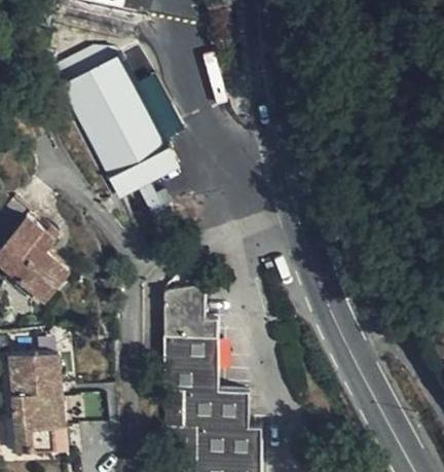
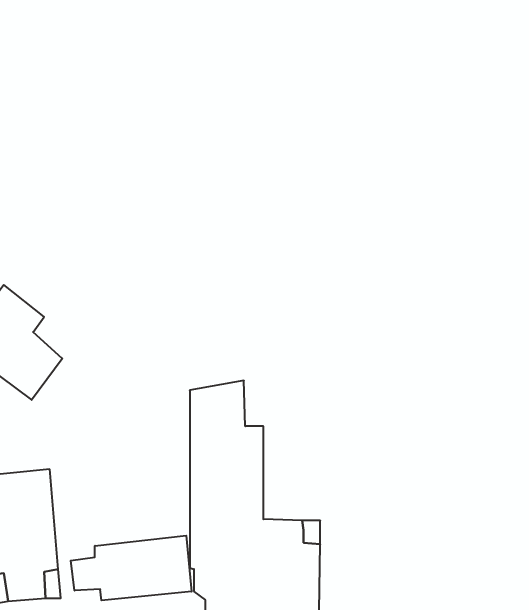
building: [50,50,178,196] -> none
building: none -> [71,536,192,600]

